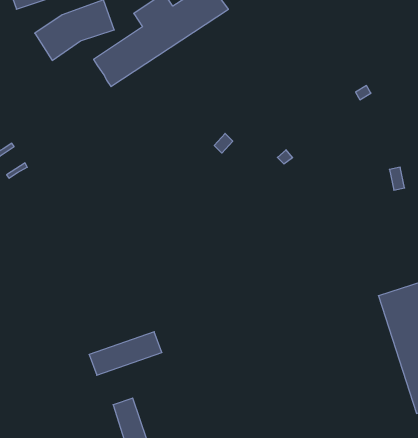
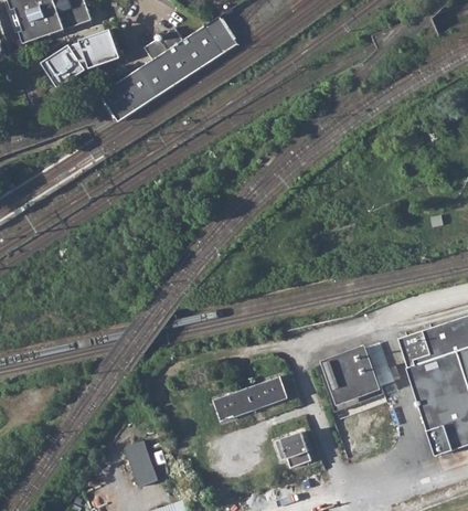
building: none -> [318,342,394,412]
building: [89,332,162,375] -> [215,375,289,419]
building: none -> [277,432,313,467]

